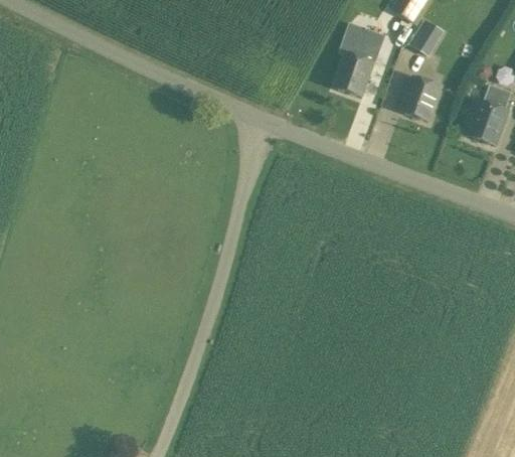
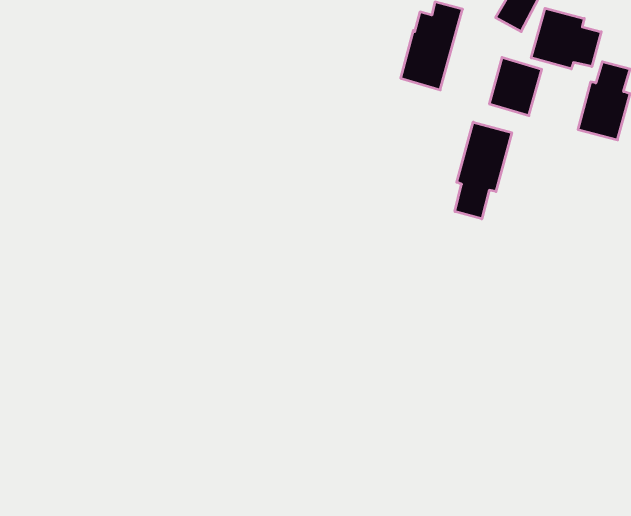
building: none -> [531,8,601,69]
building: none -> [455,122,512,219]

